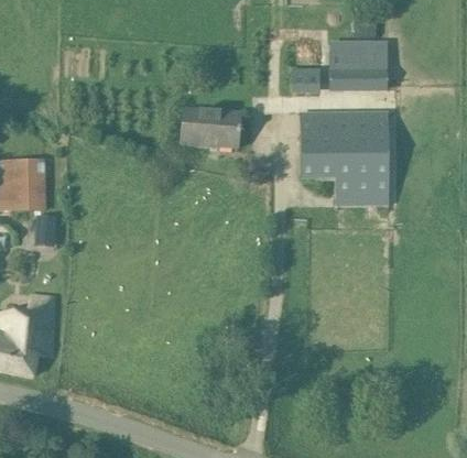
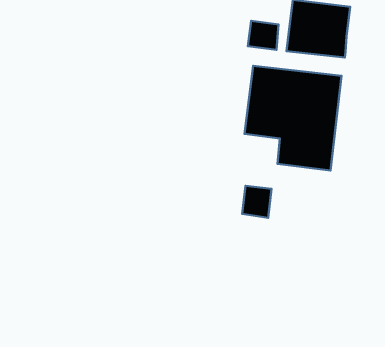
building: [181,108,240,148] -> none
building: none -> [242,186,272,218]

